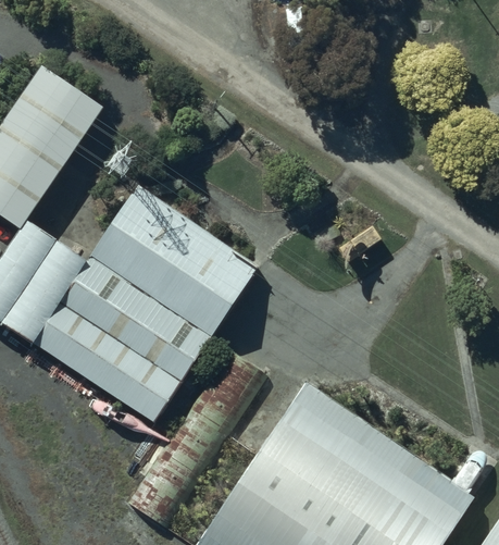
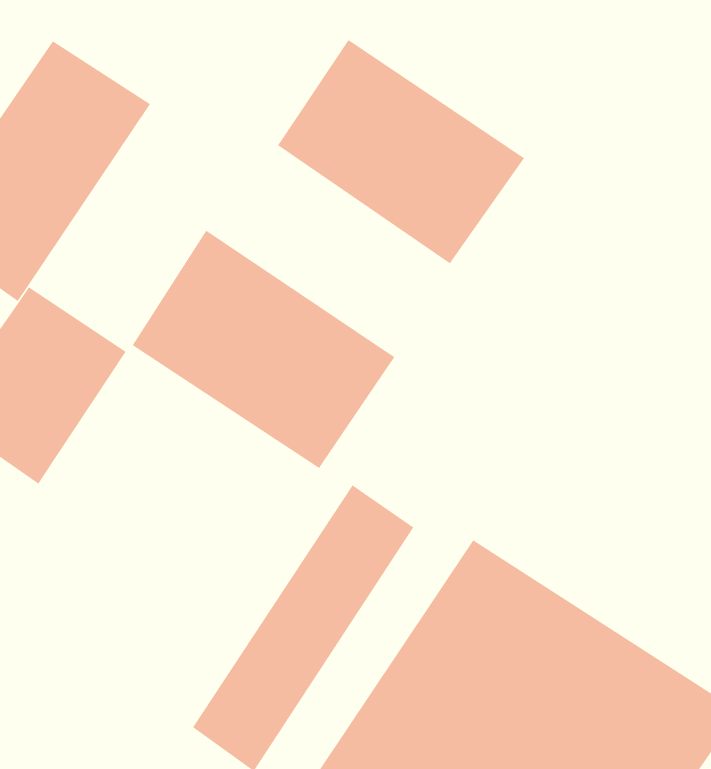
building: none -> [277,39,525,264]
building: [34,260,209,423] -> none

